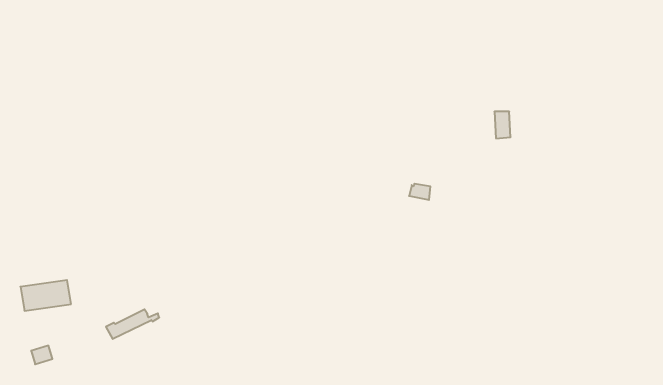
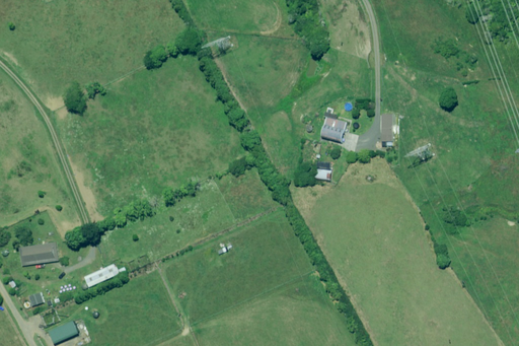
building: none -> [321,112,346,142]

